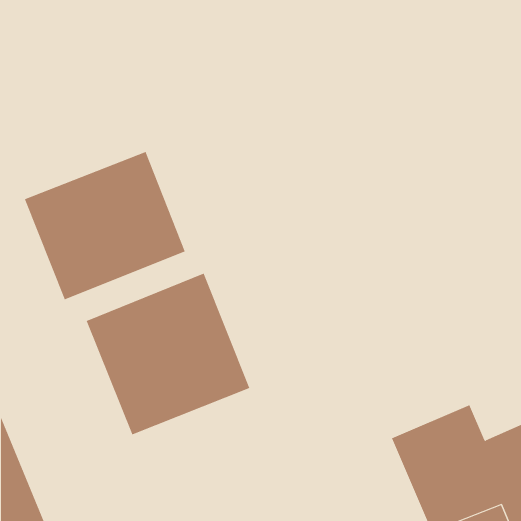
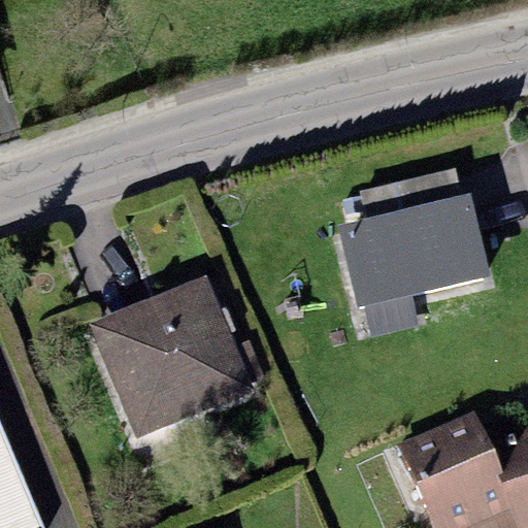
building: [24,151,185,300] -> none
building: none -> [334,170,491,309]

